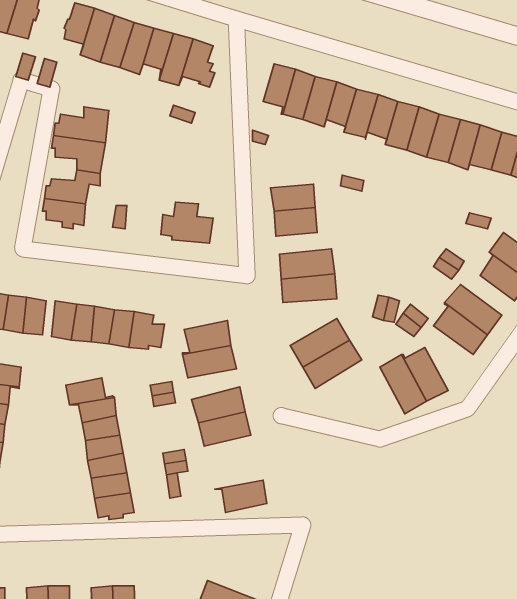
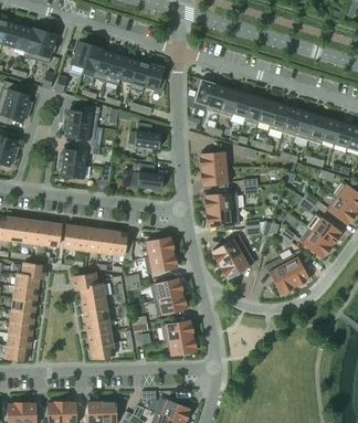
building: none -> [127,124,159,149]
building: none -> [161,321,193,341]

